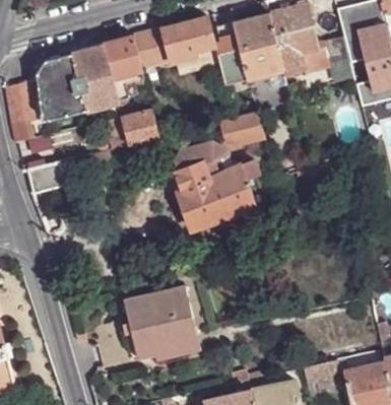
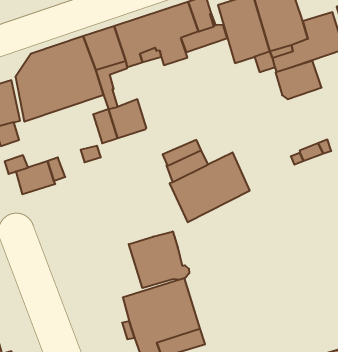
building: [218,111,262,146] -> [276,61,322,99]
building: none -> [129,231,189,288]

